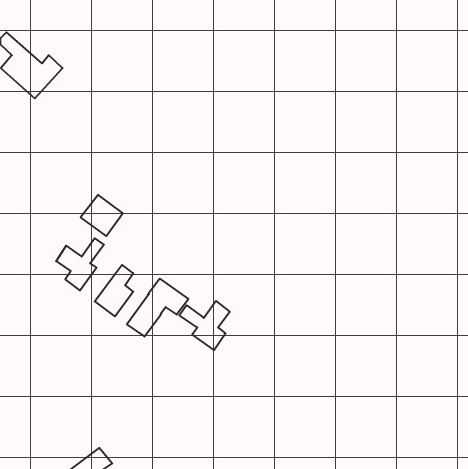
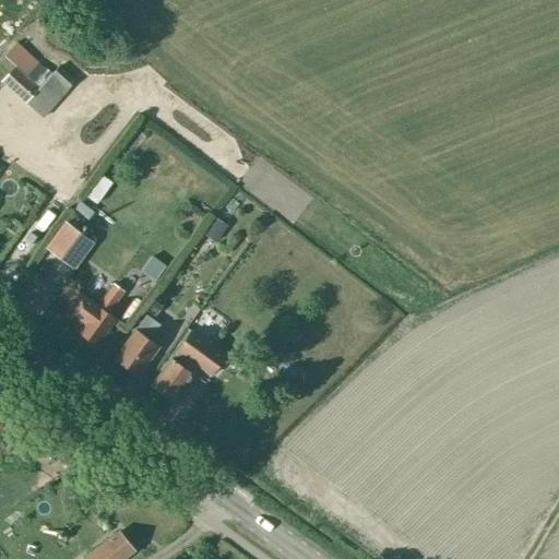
building: [81,195,123,236] -> [44,221,94,270]
building: [179,301,230,350] -> none

